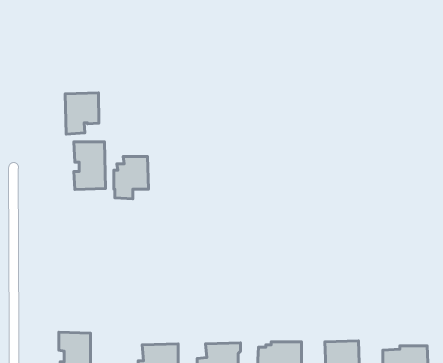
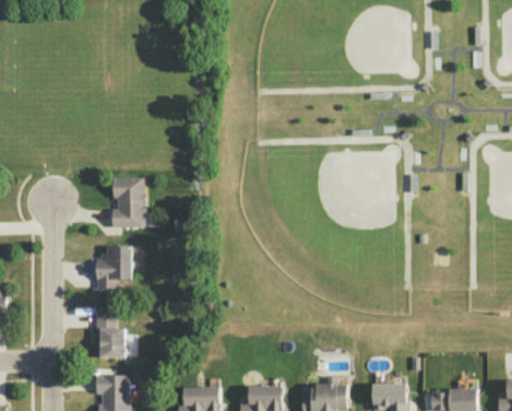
building: [65,93,99,134] -> none
building: [114,157,149,199] -> [96,245,132,289]
building: none -> [95,309,124,356]

